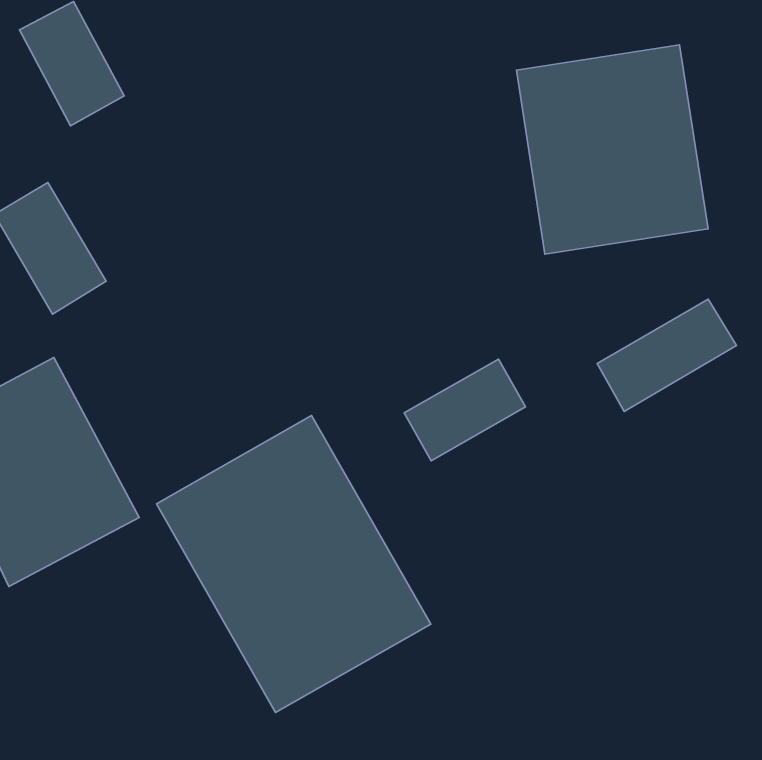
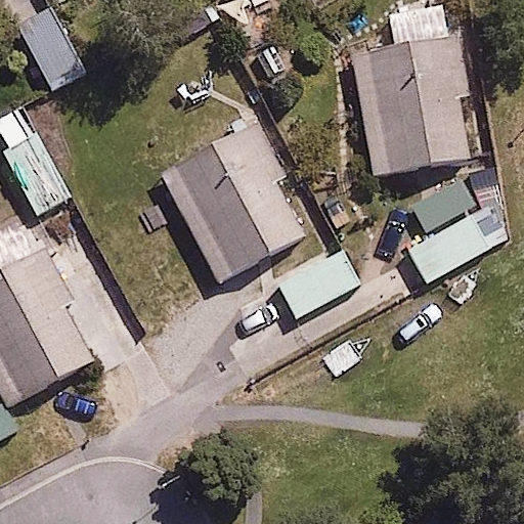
building: none -> [157,123,305,281]
building: [156,416,431,713] -> none

